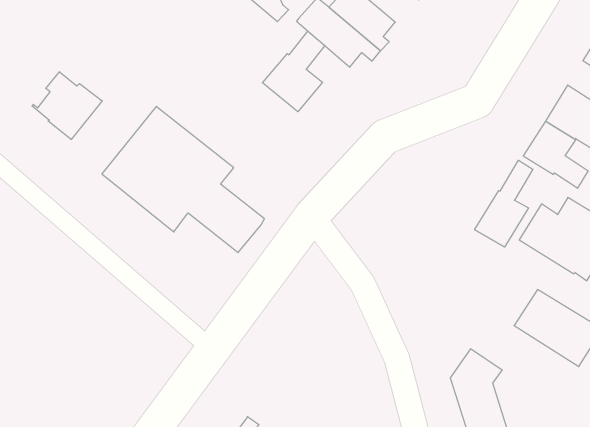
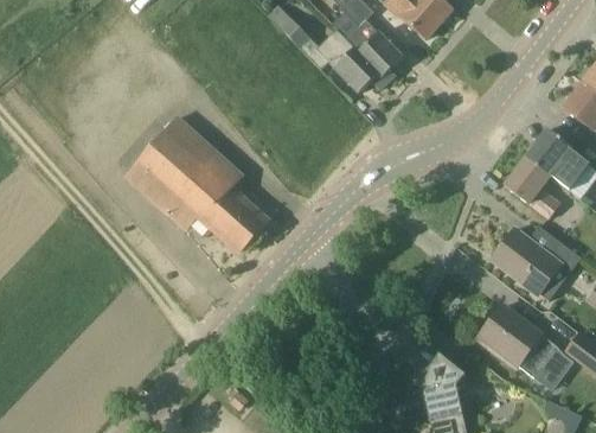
building: [263,31,325,112] -> none
building: [32,72,102,140] -> none
building: [475,160,533,247] -> none

